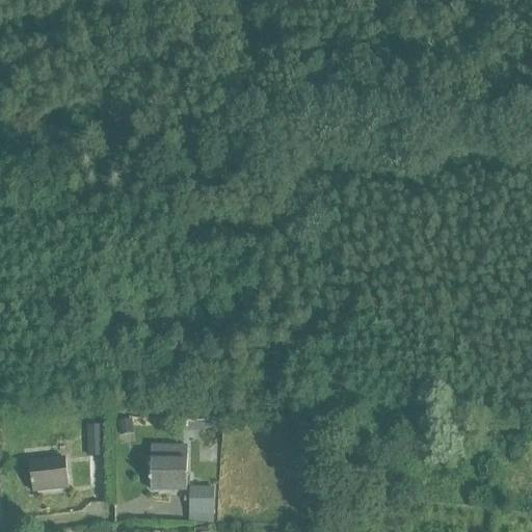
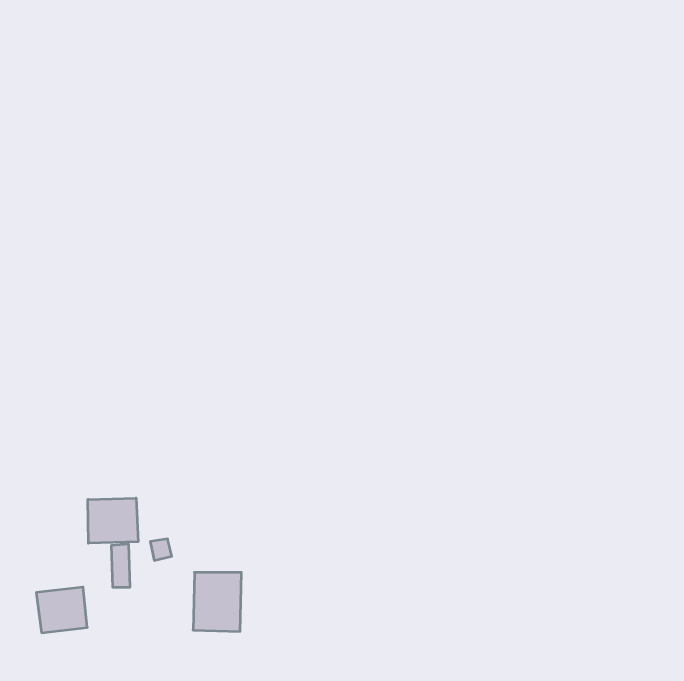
building: none -> [88,498,138,543]
building: [188,485,213,522] -> none

